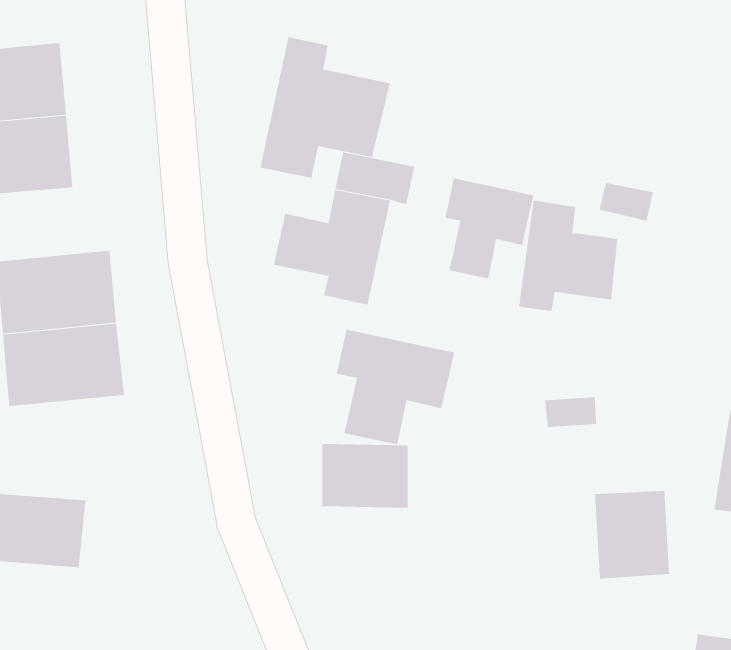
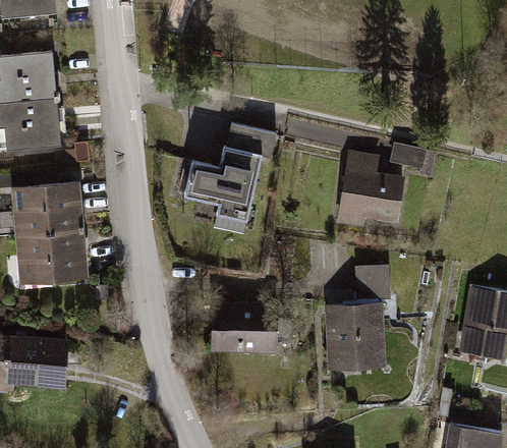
building: [260,36,391,179] -> none
building: [445,178,534,279] -> none
building: [336,329,455,445] -> none
building: [594,491,670,579] -> [331,307,379,363]

